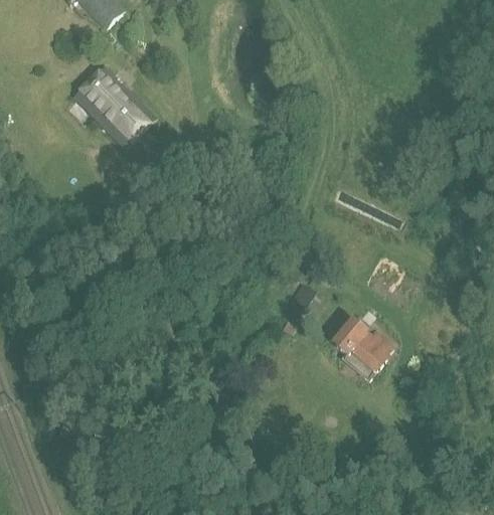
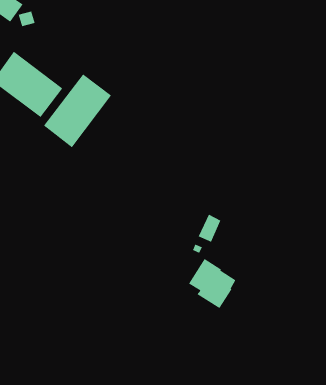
building: none -> [43,73,112,148]
building: [333,316,390,378] -> [188,258,236,309]

